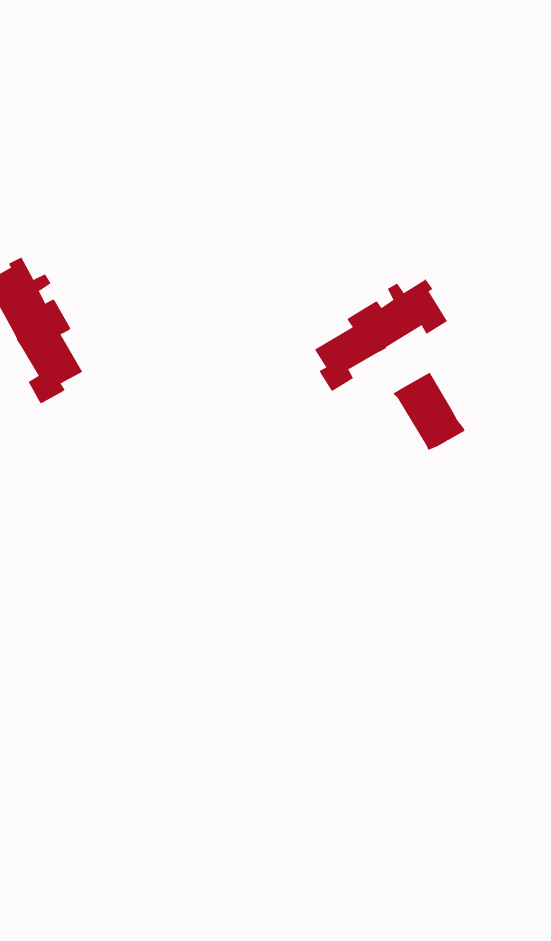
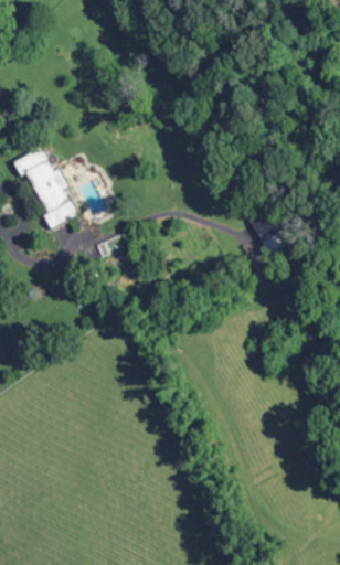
building: [314,277,448,392] -> none

